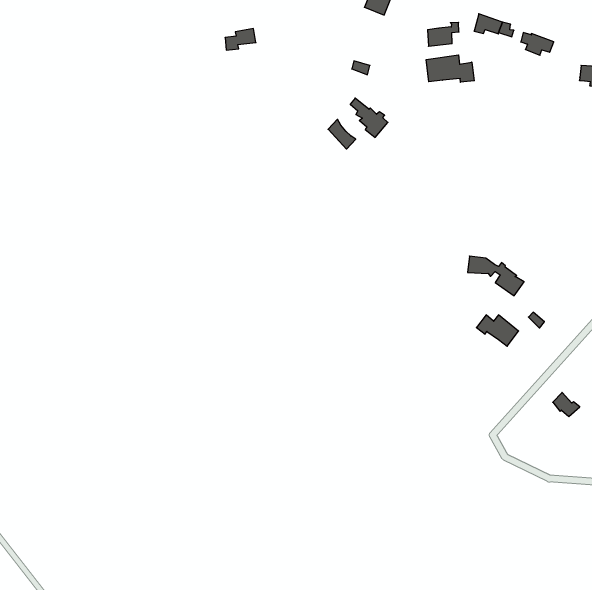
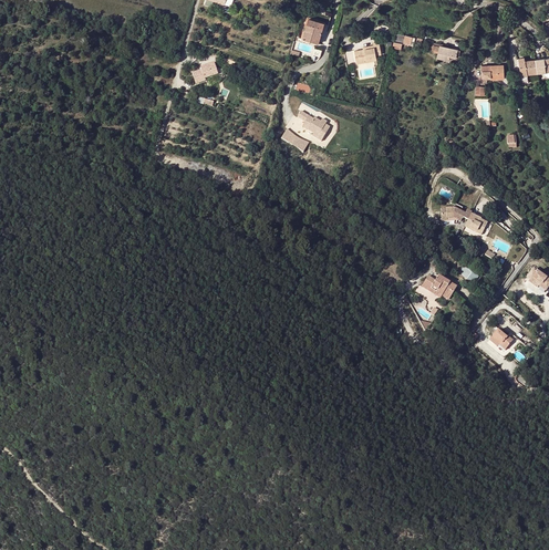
building: [426,55,474,82] -> none
building: [468,256,524,296] -> [441,207,487,235]

